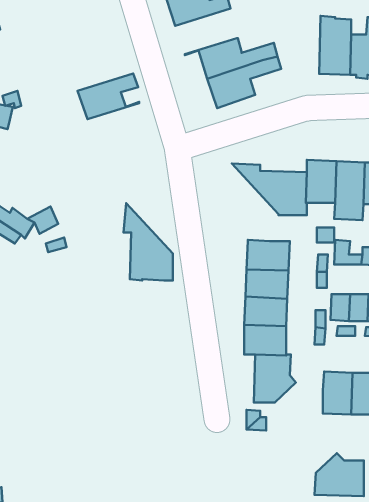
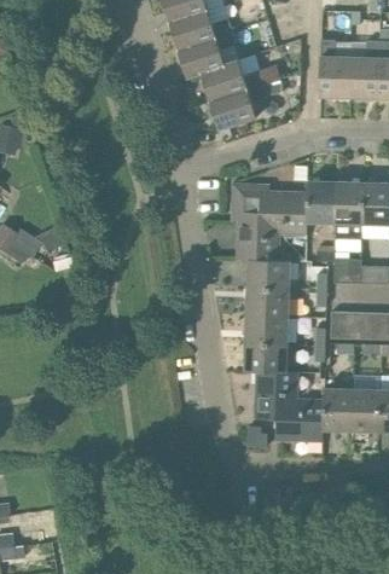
building: [78,74,139,119] -> [179,31,239,76]
building: [124,203,173,281] -> [232,184,280,260]
building: [315,453,364,496] -> [275,399,324,441]

